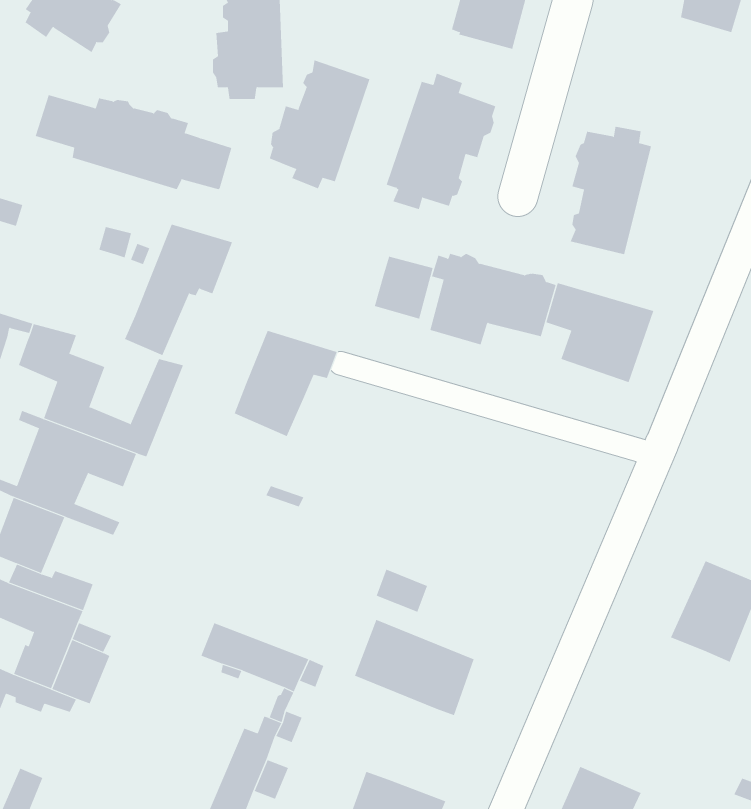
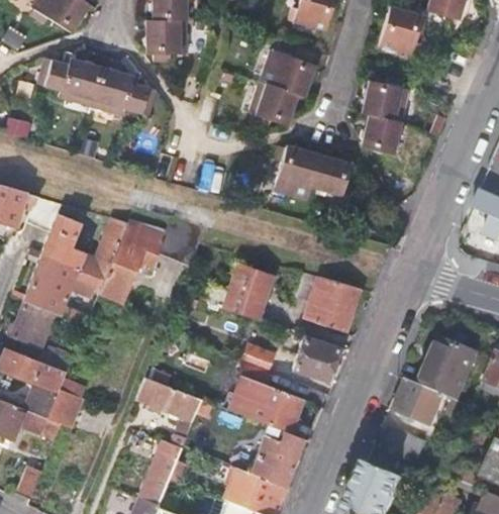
building: none -> [379,6,427,55]
building: [269,59,370,189] -> none
building: [124,224,233,356] -> [98,221,164,301]
building: [374,256,433,319] -> none
building: [545,282,654,383] -> [295,272,361,332]
building: none -> [207,265,271,319]
building: none -> [292,337,337,381]
building: none -> [393,380,440,425]
building: none -> [383,428,425,462]
building: none -> [251,429,302,485]

